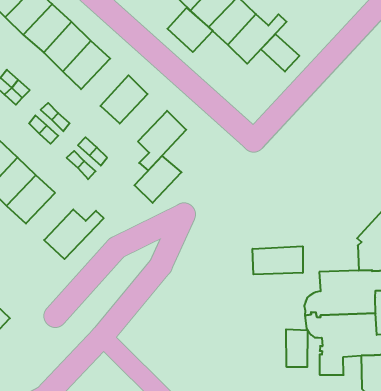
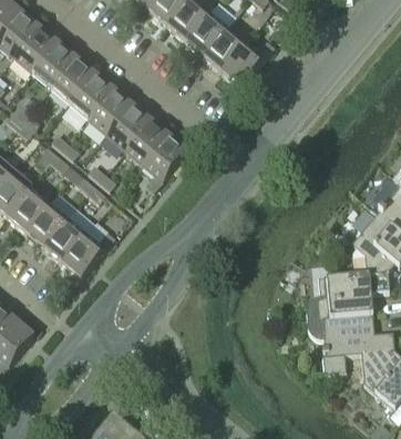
building: [167,8,213,52] -> none
building: [261,34,299,72] -> none
building: none -> [88,89,131,133]
building: [134,156,182,203] -> [125,120,168,164]
building: none -> [43,216,86,261]
building: [253,246,303,274] -> none
building: [286,329,308,367] -> none

